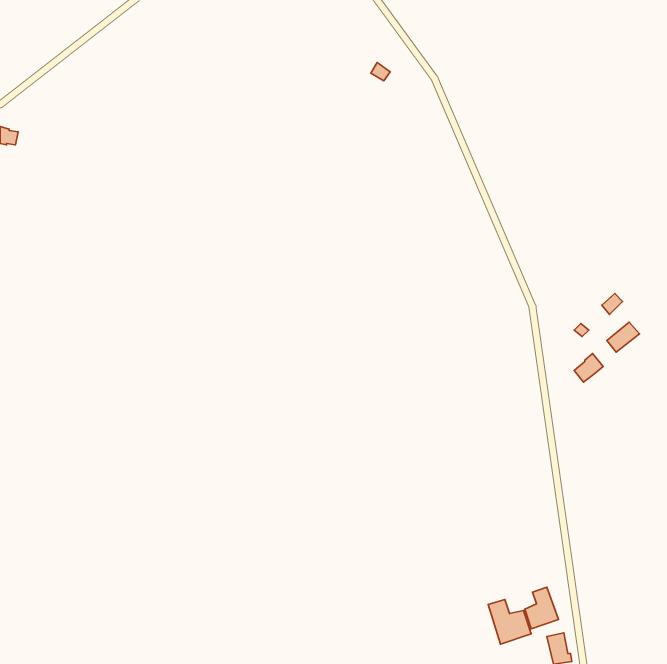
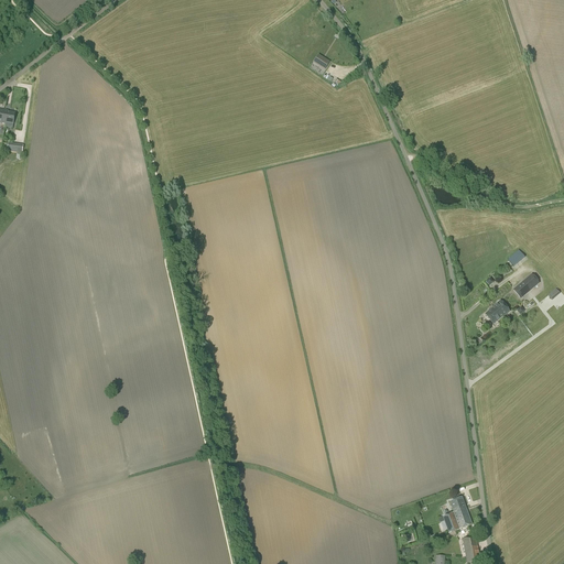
building: [488,600,531,644] -> none

